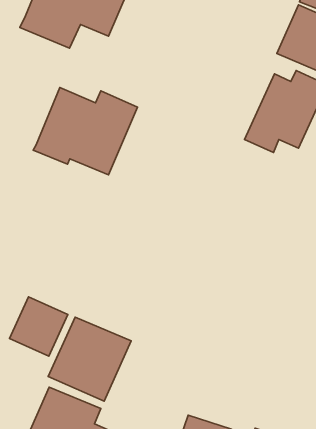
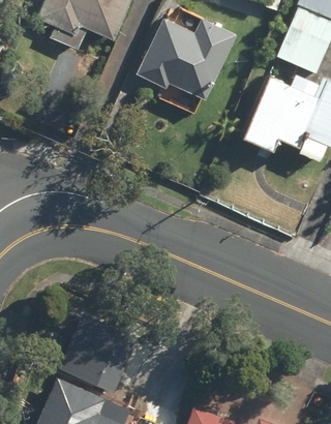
building: [33,88,138,175] -> [133,16,234,99]
building: [10,297,68,356] -> none

